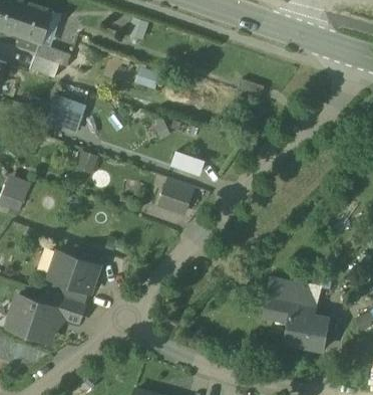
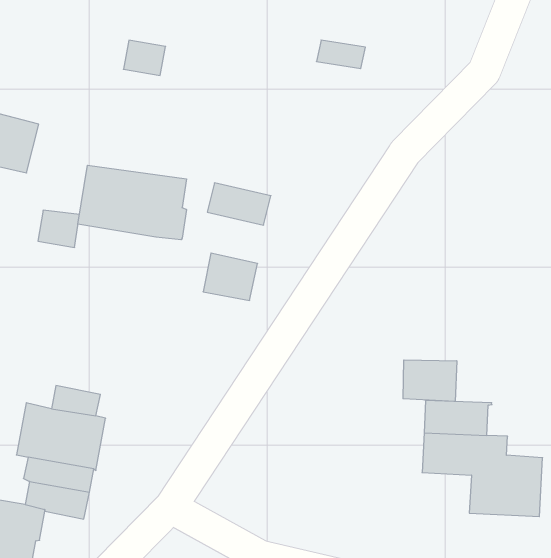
building: none -> [78,165,186,240]
building: none -> [403,360,457,401]

